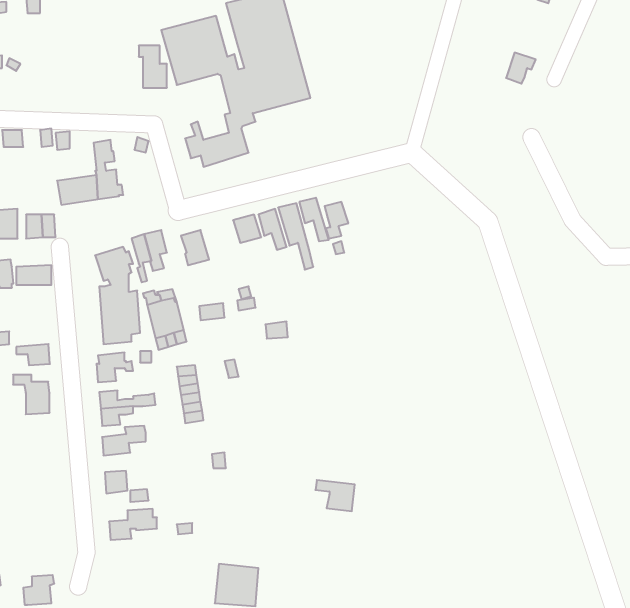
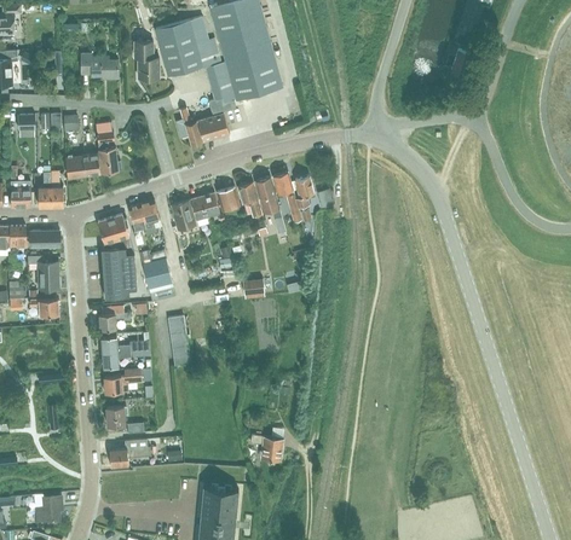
building: none -> [80,54,119,80]
building: none -> [190,193,219,226]
building: [13,375,50,414] -> [27,256,58,290]
building: [315,480,355,511] -> [249,435,283,461]

